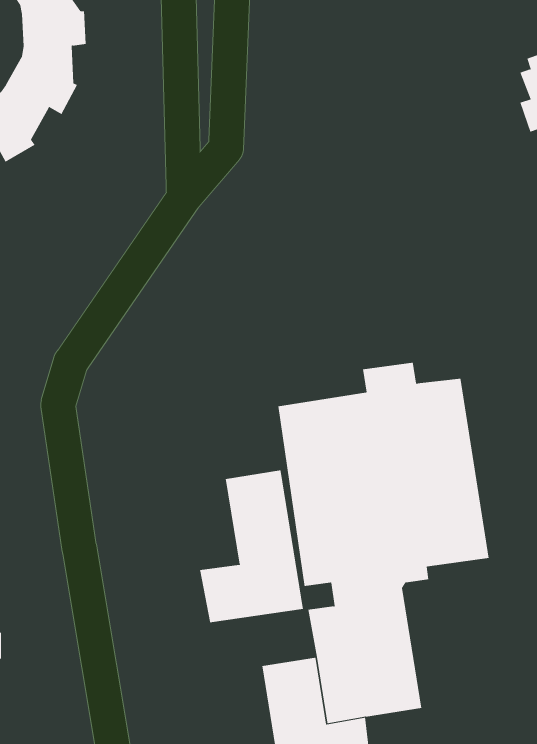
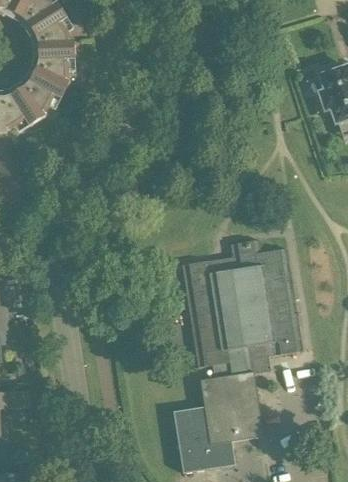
building: [200,470,303,623] -> none

